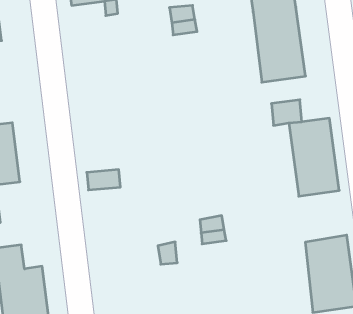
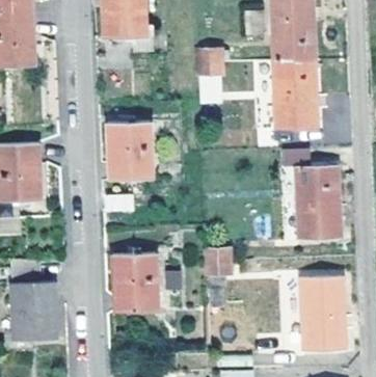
building: none -> [107,122,153,179]
building: none -> [112,251,159,309]

